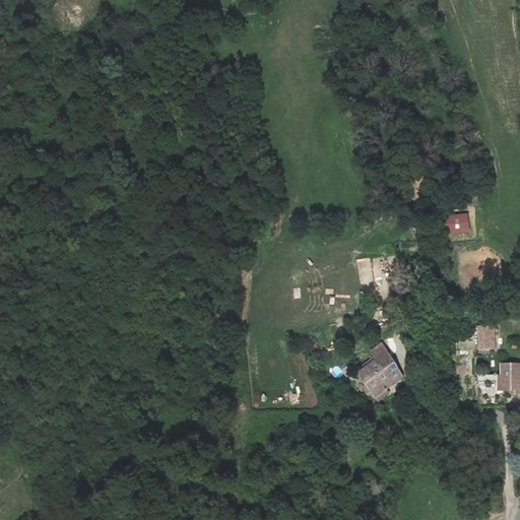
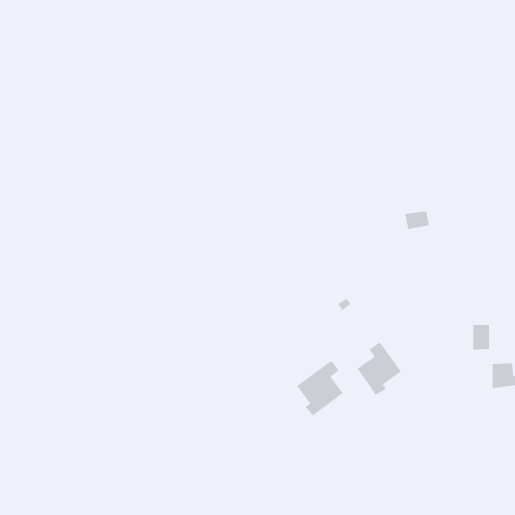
building: [444,213,469,233] -> [405,211,430,230]
building: none -> [296,360,344,417]

